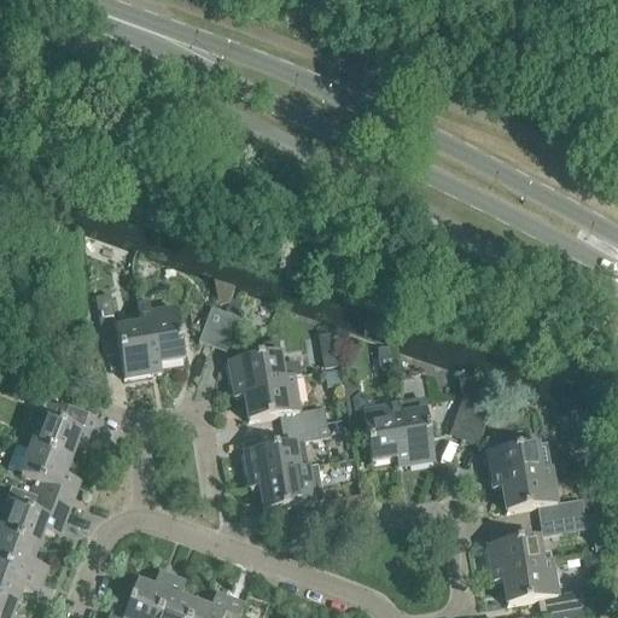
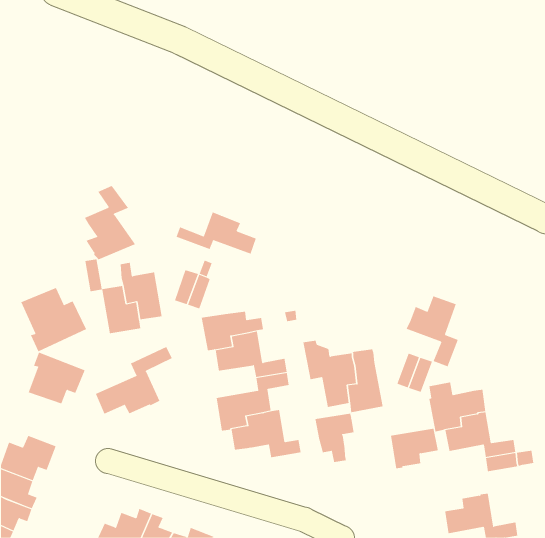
building: none -> [84,185,136,260]
building: none -> [176,211,256,254]
building: none -> [20,287,87,352]
building: none -> [406,295,458,367]
building: none -> [95,346,172,414]
building: [22,443,76,503] -> none
building: none -> [315,413,354,463]
building: [489,534,543,579] -> [390,428,438,469]

